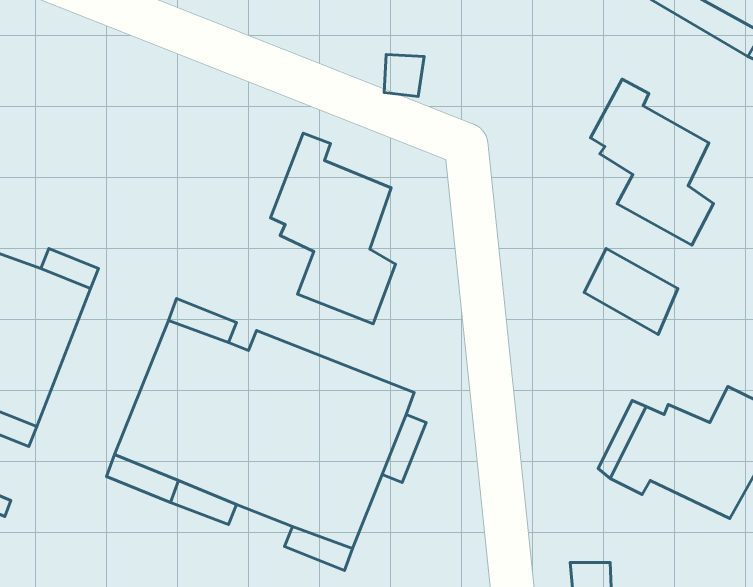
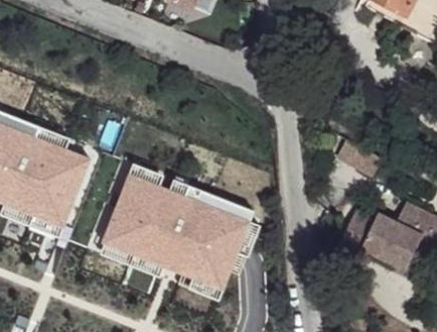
building: [590,79,713,245] -> none
building: [271,133,395,324] -> none

